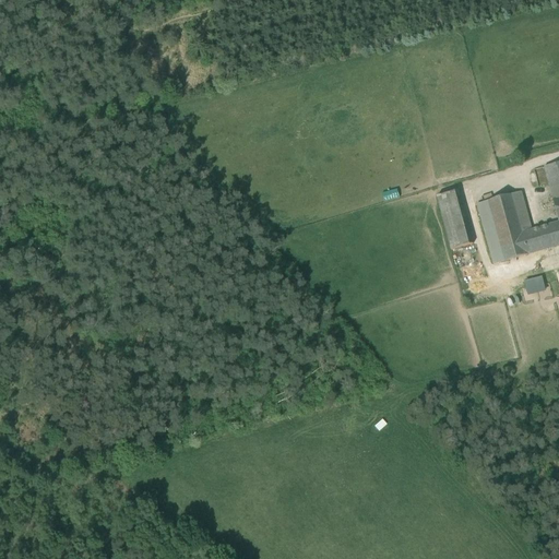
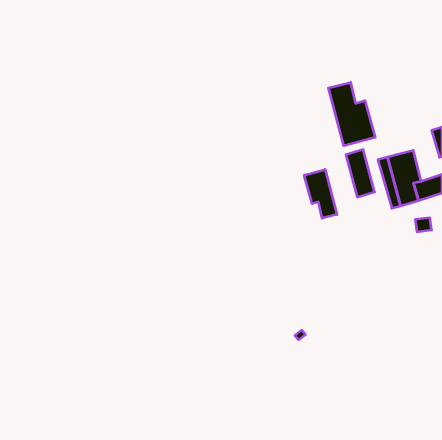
building: none -> [328,82,375,146]
building: none -> [304,169,337,218]

